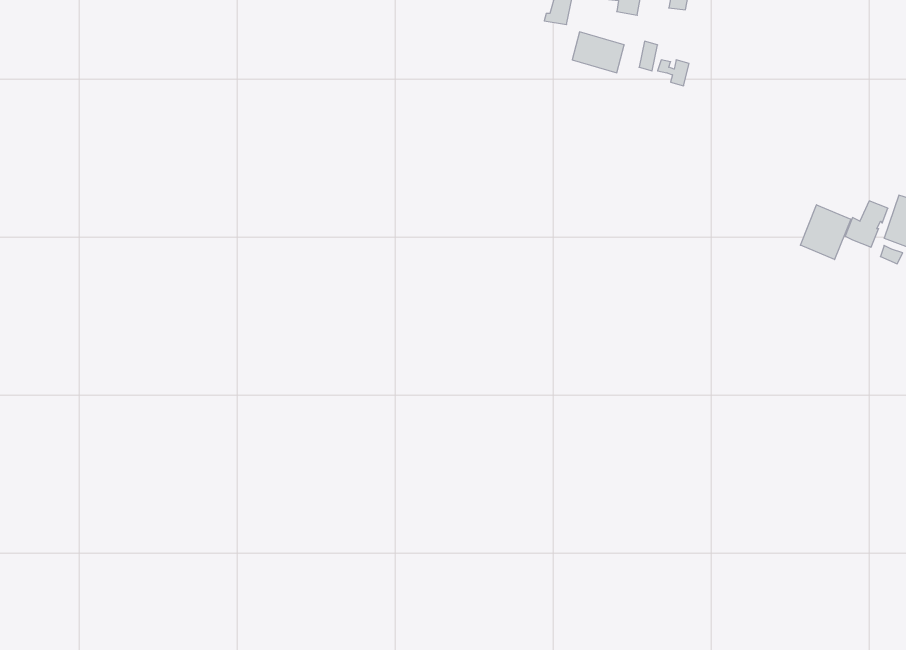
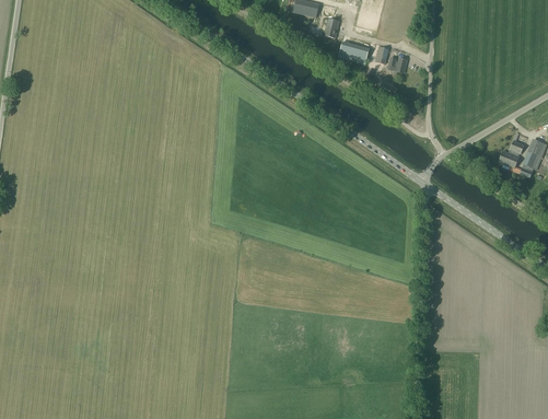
building: [800,205,851,260] -> none

